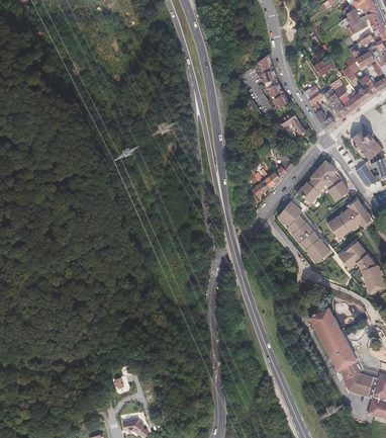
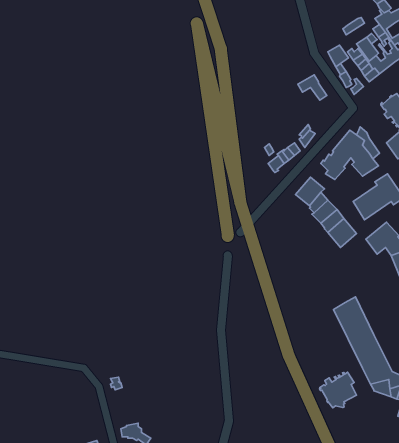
building: [258,54,289,110] -> none
building: none -> [320,372,356,408]

